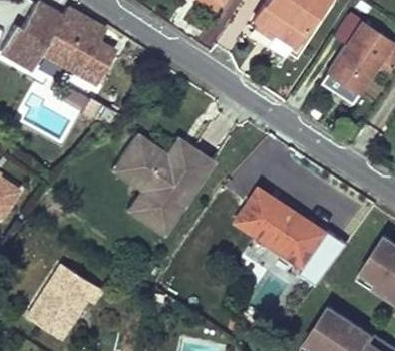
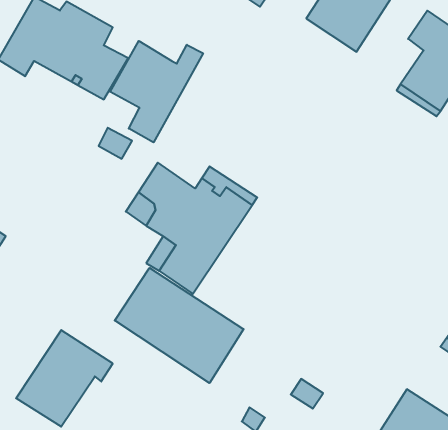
building: none -> [110,41,203,142]
building: [235,193,326,268] -> none
building: none -> [115,268,244,383]

